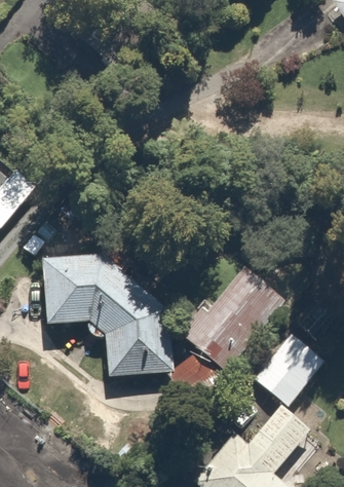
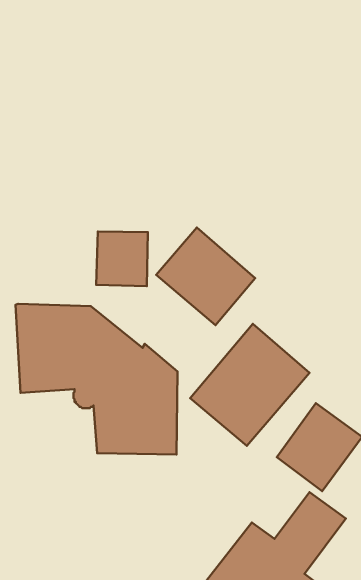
building: none -> [156,227,255,325]
building: none -> [96,232,148,286]

